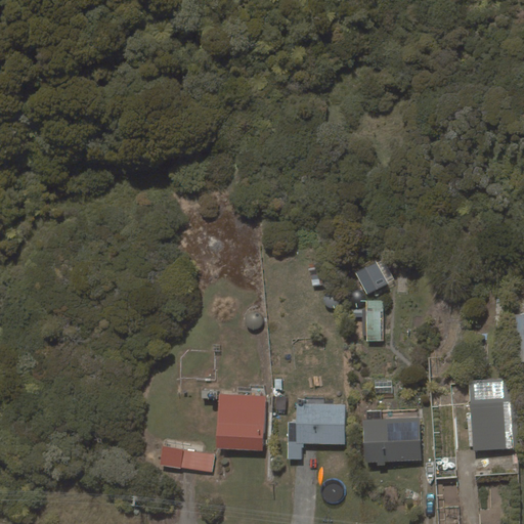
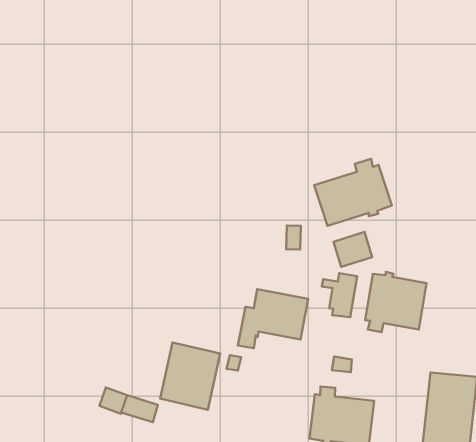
building: none -> [314,159,392,226]
building: none -> [365,272,427,332]
building: [286,403,345,460] -> [238,289,308,348]

